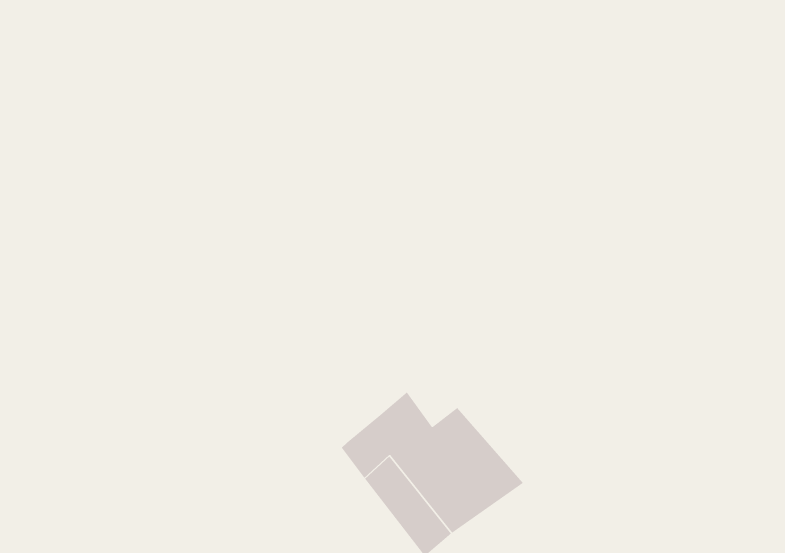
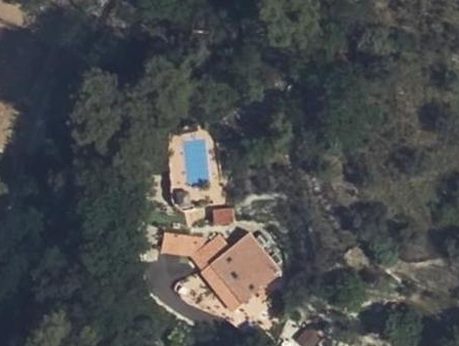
building: none -> [162,233,211,256]

